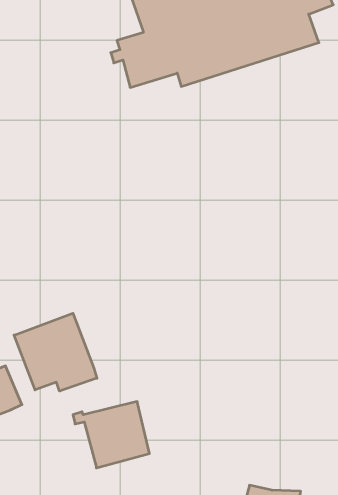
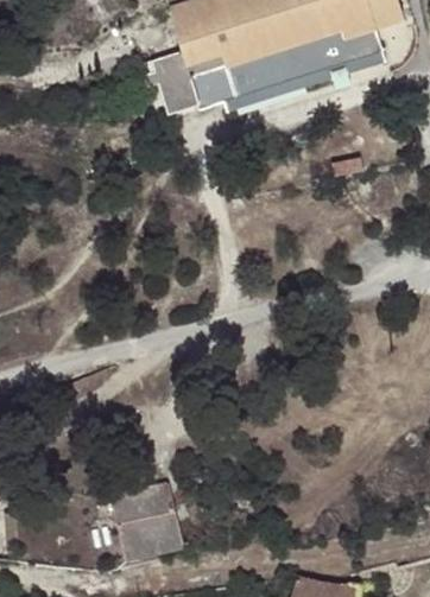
building: [14,313,97,391] -> none

